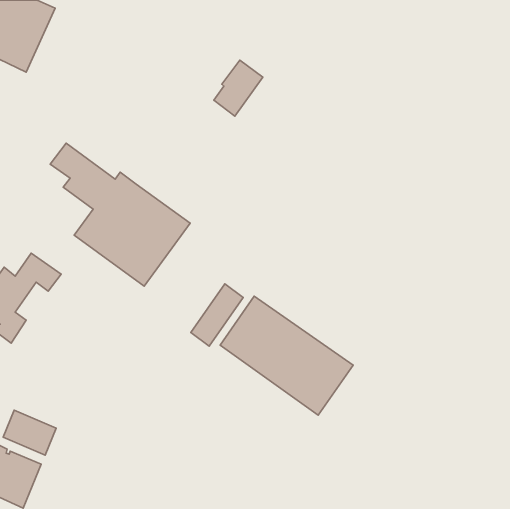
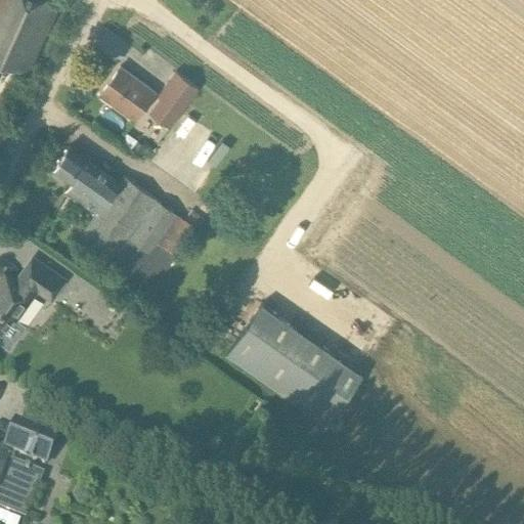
building: [214,60,263,116] -> [148,72,199,129]
building: none -> [99,69,152,121]
building: [191,284,243,346] -> none

